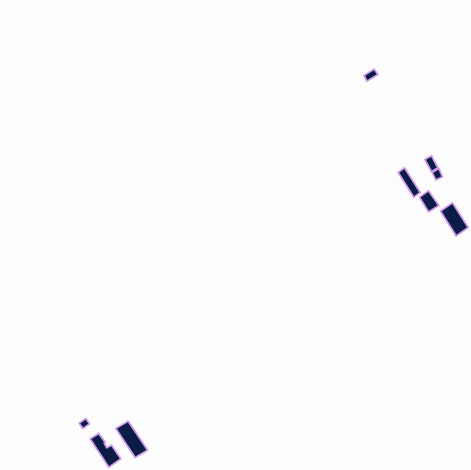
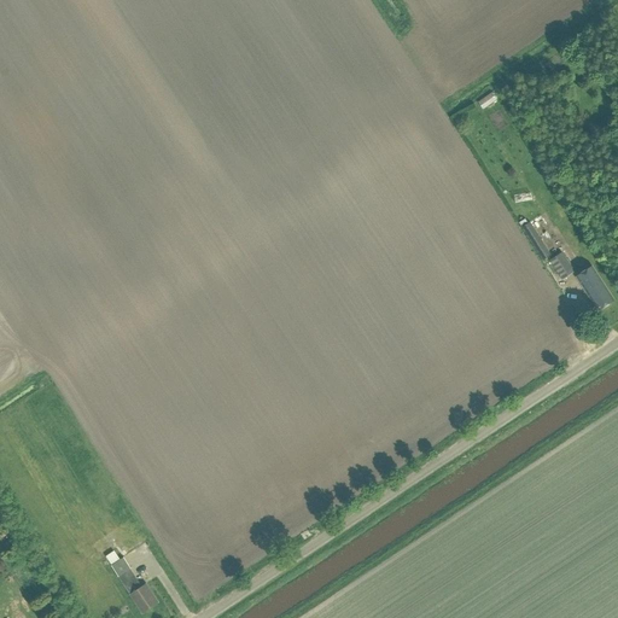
building: [116,421,147,457] -> none

